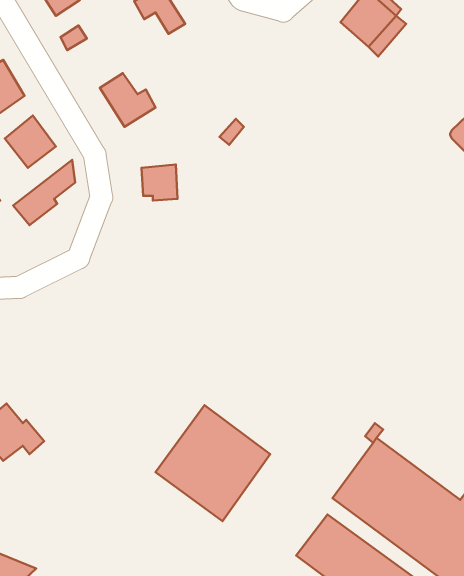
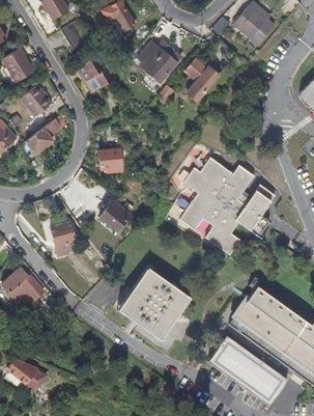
building: none -> [137,40,174,81]
building: none -> [184,58,218,103]
building: [141,165,177,201] -> [101,148,123,171]
building: none -> [179,157,273,253]
building: none -> [99,200,131,231]
building: none -> [51,220,76,254]

